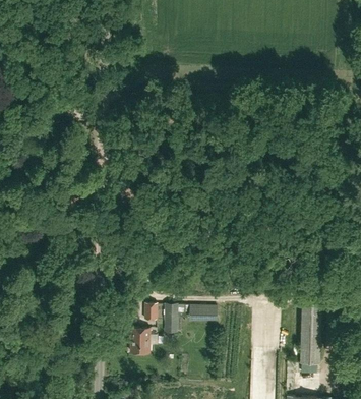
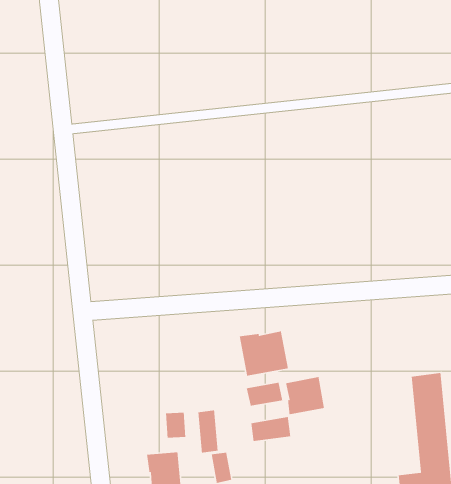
building: none -> [239,330,289,377]
building: none -> [285,376,325,415]

